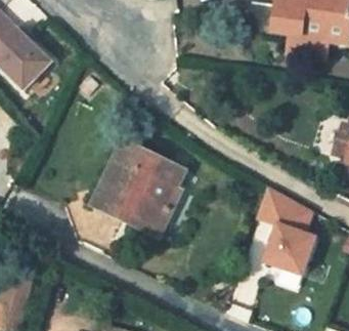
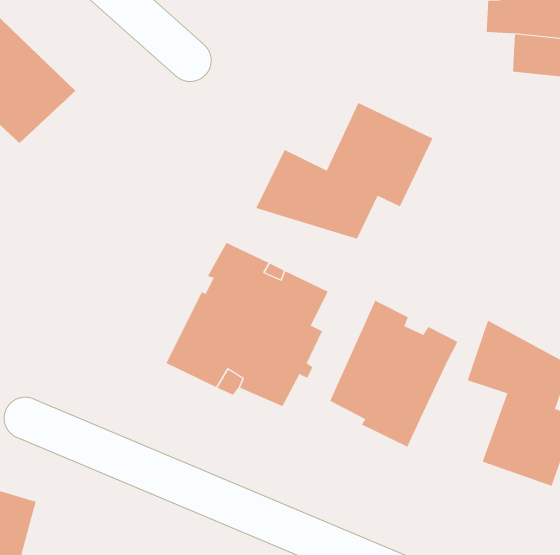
building: none -> [256,102,433,239]
building: none -> [329,299,458,448]

